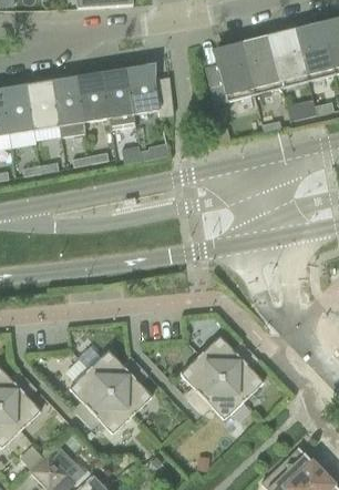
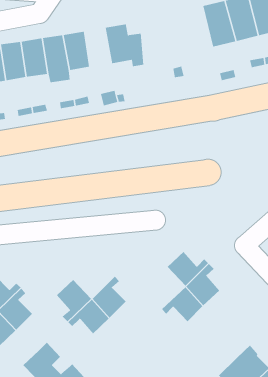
building: [204,43,254,102] -> none
building: [102,69,135,127] -> none
building: [89,348,138,390] -> none
building: [179,353,222,402] -> none

